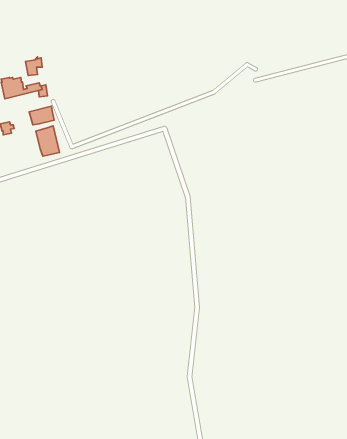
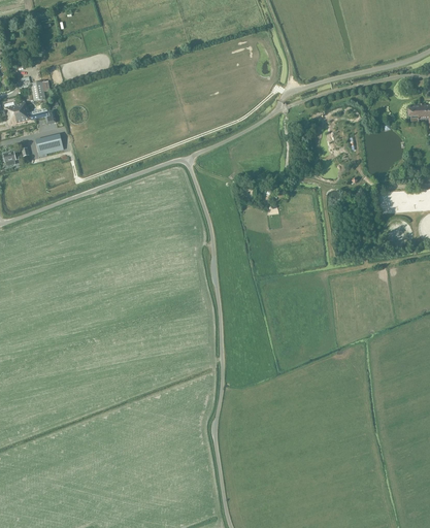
building: [36,126,60,156] -> none

